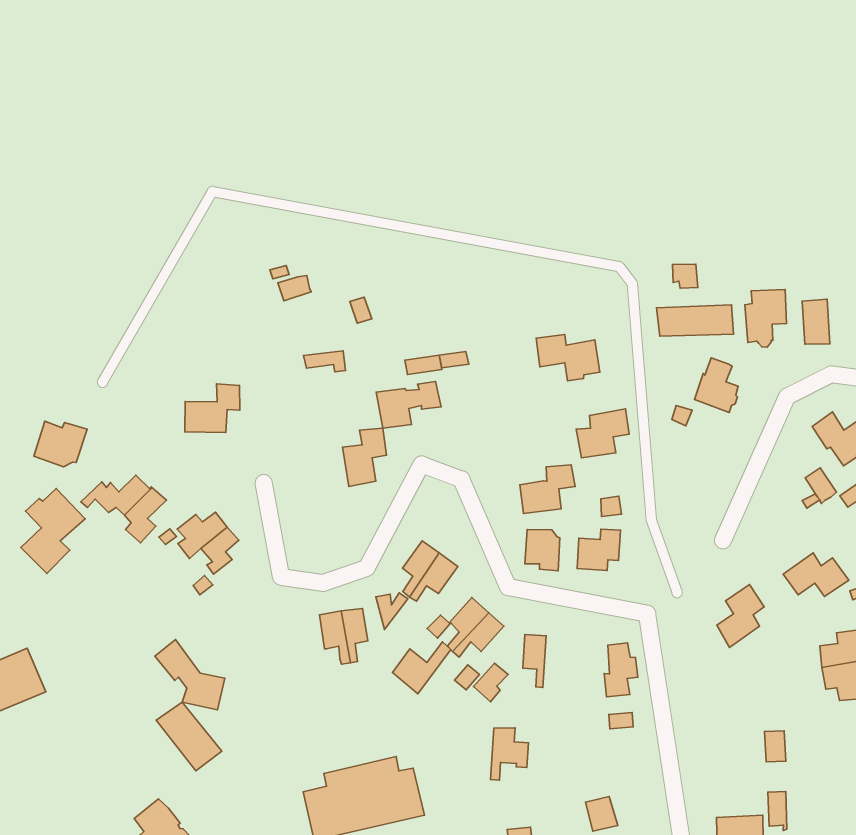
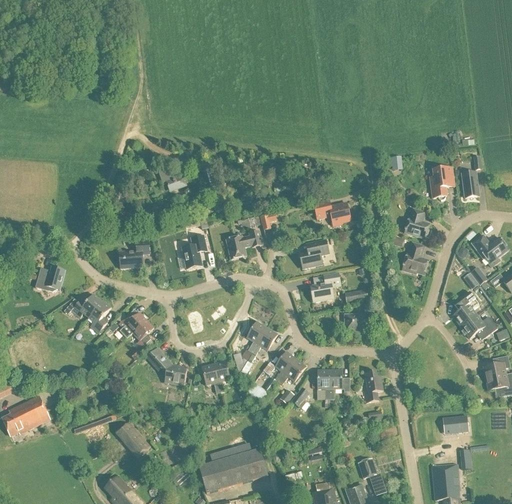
building: [656,305,733,336] -> none
building: [576,409,629,458] -> [298,239,328,268]
building: none -> [401,242,427,274]
building: [342,428,386,487] -> [181,235,206,269]
building: [21,488,85,574] -> none
building: [525,529,560,571] -> none
building: [717,584,764,647] -> [452,291,478,327]
building: [155,640,225,710] -> [146,347,186,385]
building: [491,728,529,780] -> [329,369,349,399]

